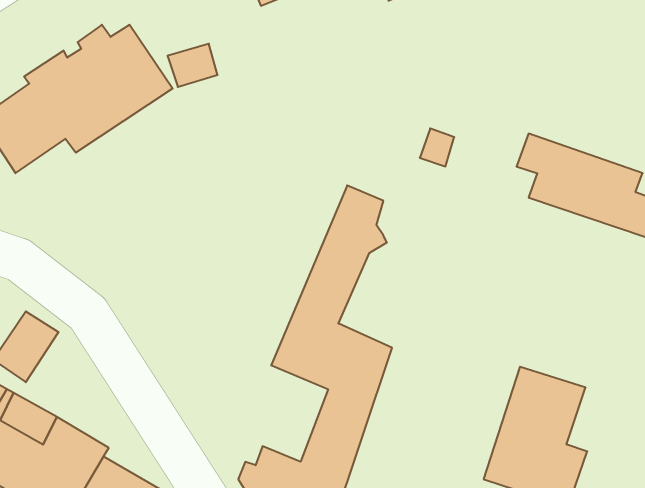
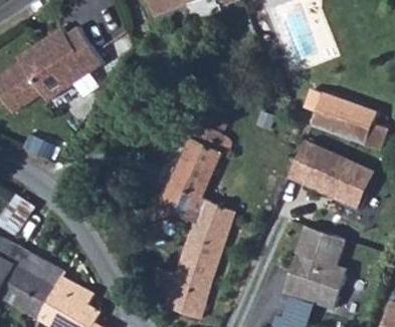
building: none -> [286,140,372,208]

